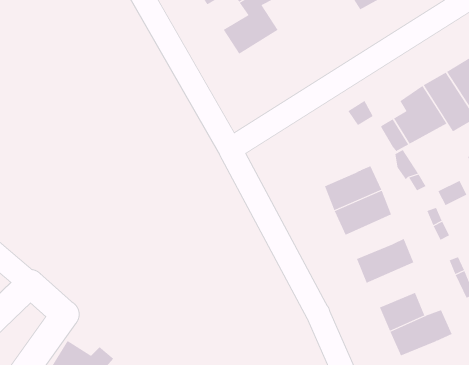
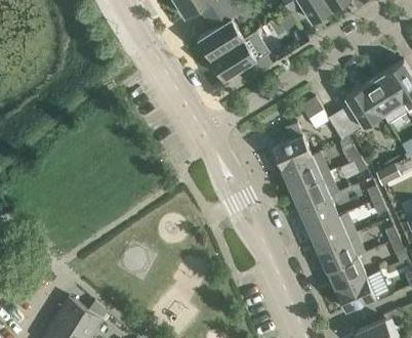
building: none -> [211,34,272,82]
building: none -> [273,124,312,170]
building: none -> [299,198,338,230]
building: none -> [317,234,366,271]

